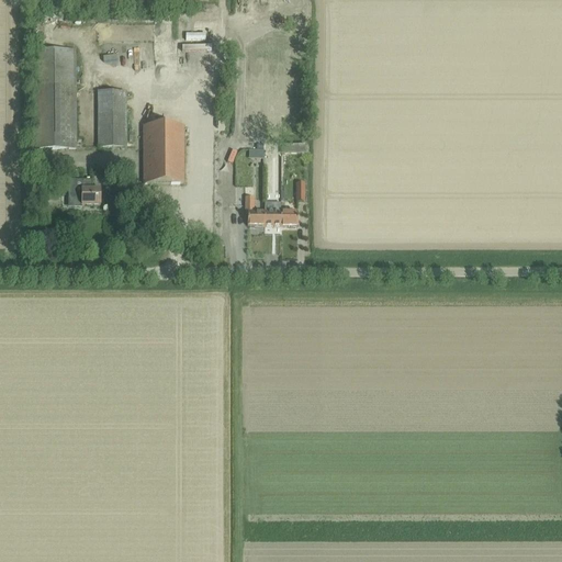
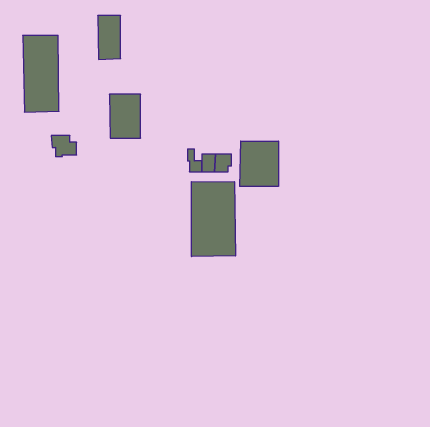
building: [97,88,126,145] -> [98,16,121,59]
building: none -> [240,141,278,186]
building: none -> [192,182,235,257]

